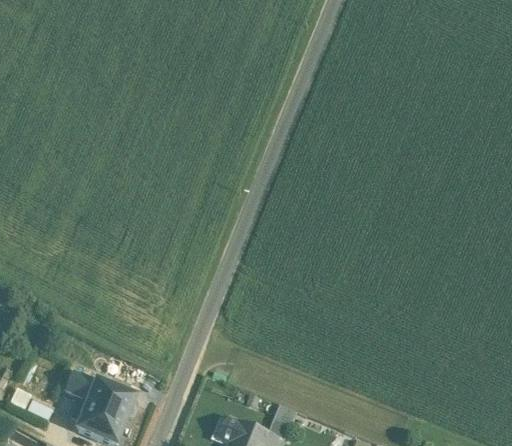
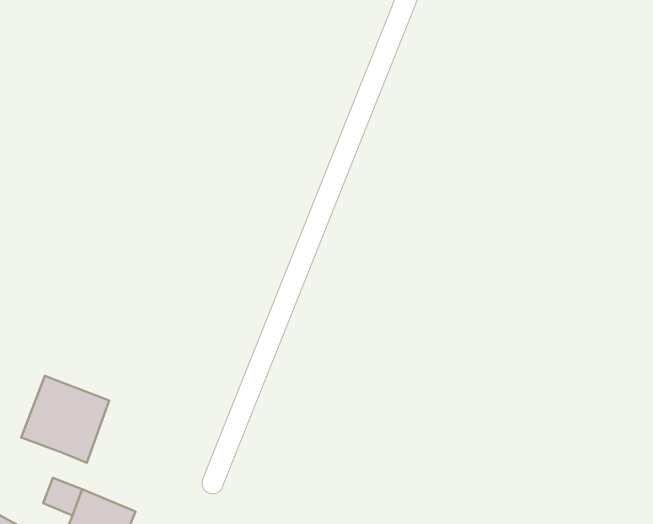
building: none -> [21,376,109,463]

